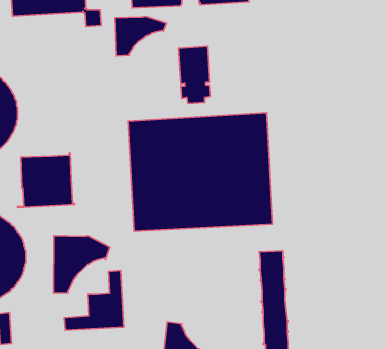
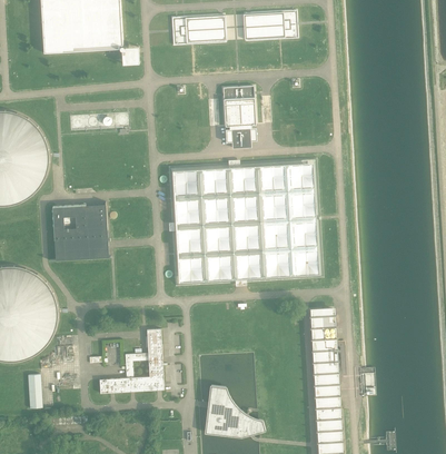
building: [115,17,167,56] -> none
building: [54,236,110,293] -> none

